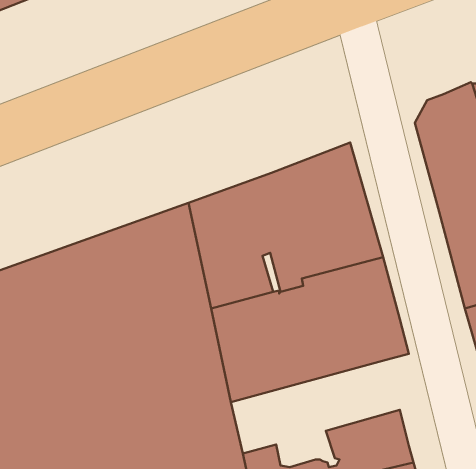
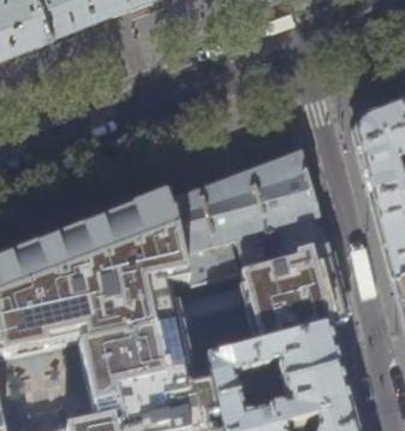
building: none -> [206,320,340,395]

